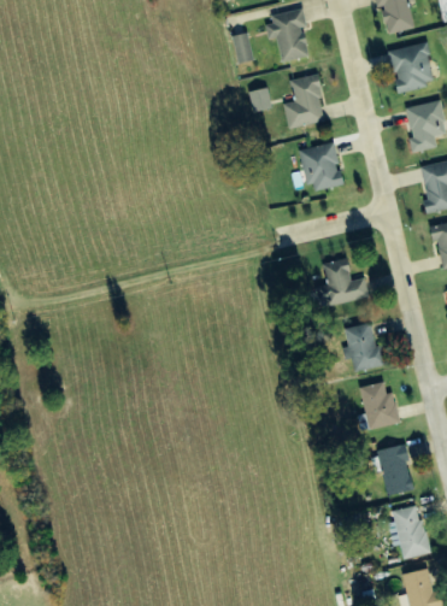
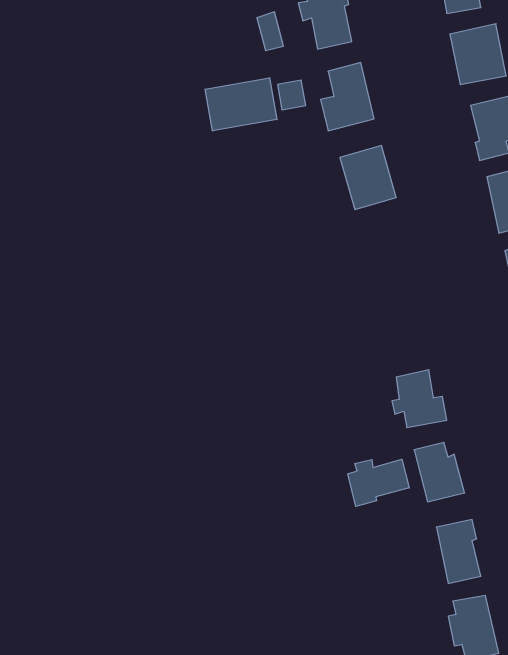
building: none -> [205,78,277,131]
building: [314,258,367,307] -> none
building: none -> [348,459,409,506]

